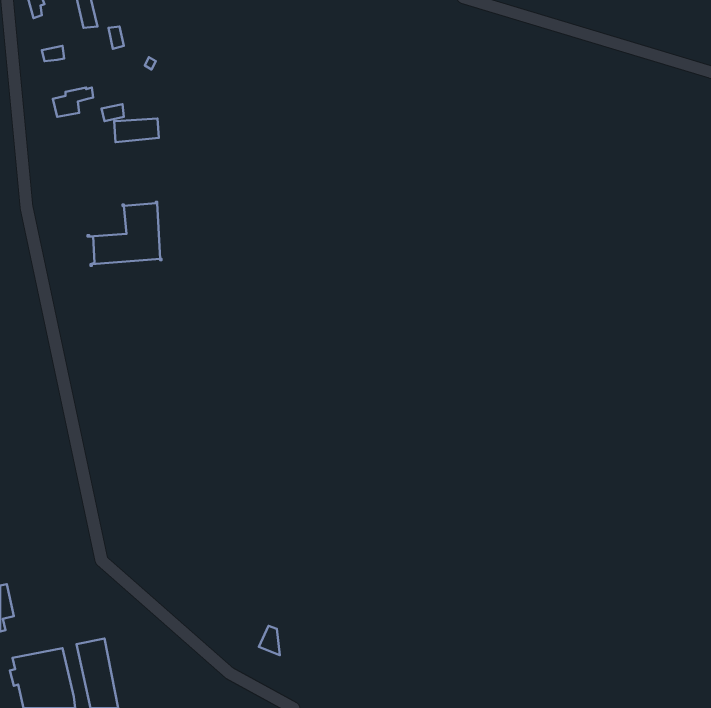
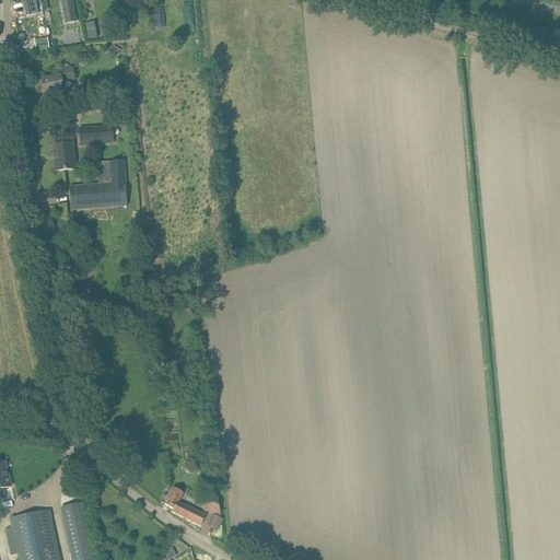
building: [114,118,159,142] -> [79,125,114,143]
building: none -> [52,142,74,170]
building: none -> [164,487,206,524]

